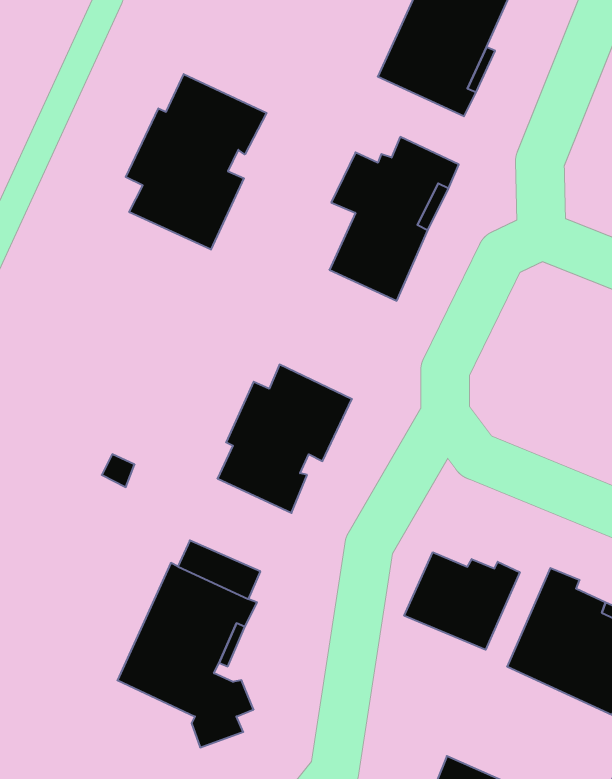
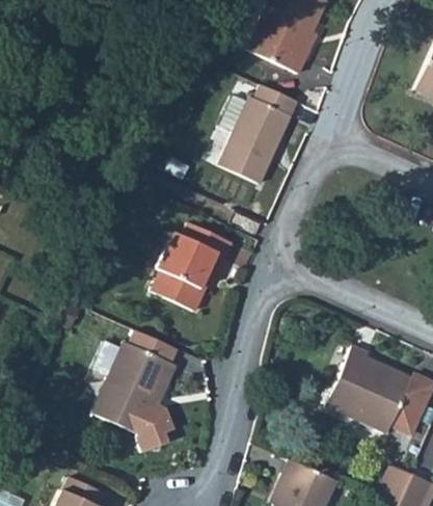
building: [126,74,267,250] -> none
building: [404,552,520,650] -> none

